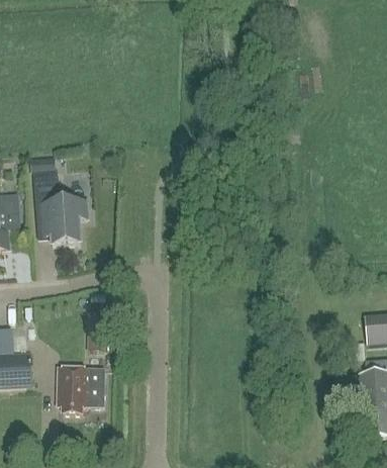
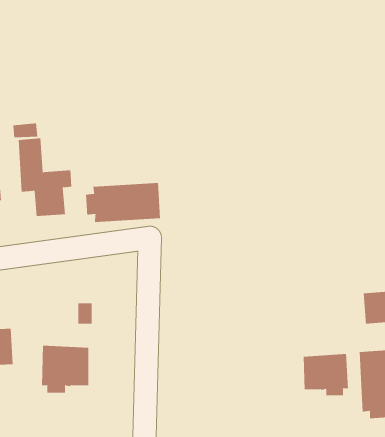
building: none -> [86,182,160,223]
building: none -> [303,353,348,396]

